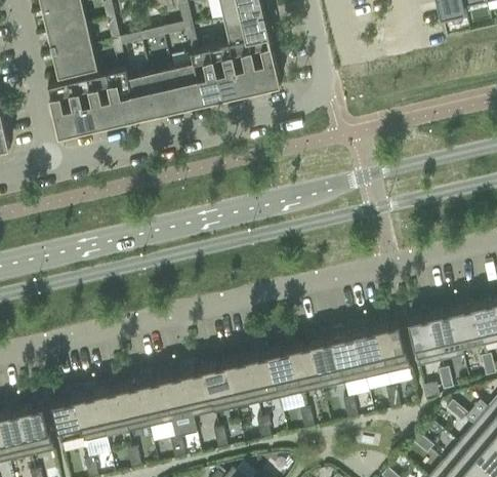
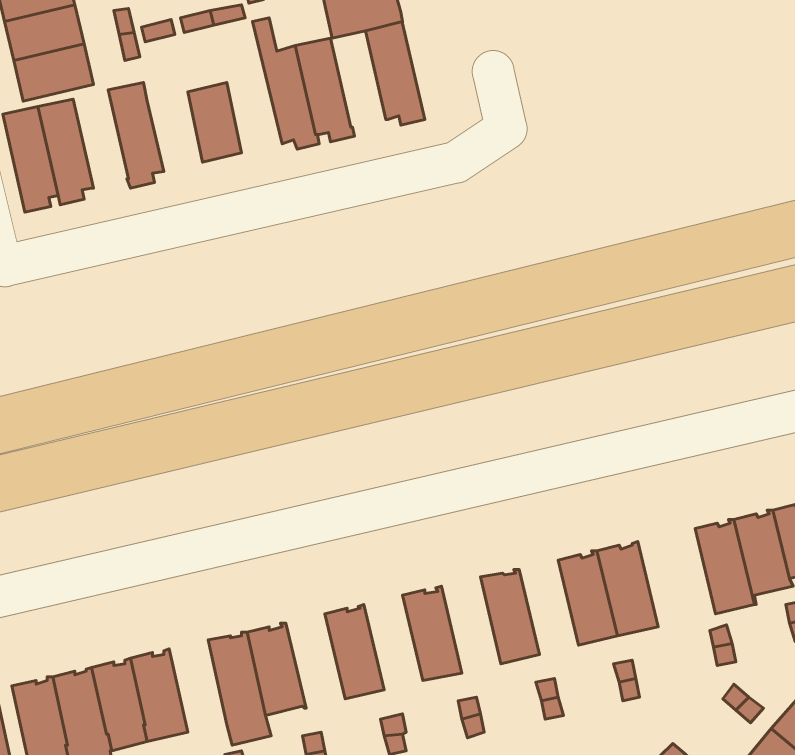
building: [229,40,261,97] -> none
building: [171,65,202,108] -> none
building: [86,73,117,131] -> none
building: [127,74,158,118] -> none
building: [408,316,442,368] -> none
building: [333,333,366,386] -> none
building: [290,343,323,396] -> none
building: [247,353,280,405] -> none
building: [204,363,237,415] -> none
building: [139,377,171,429] -> none

